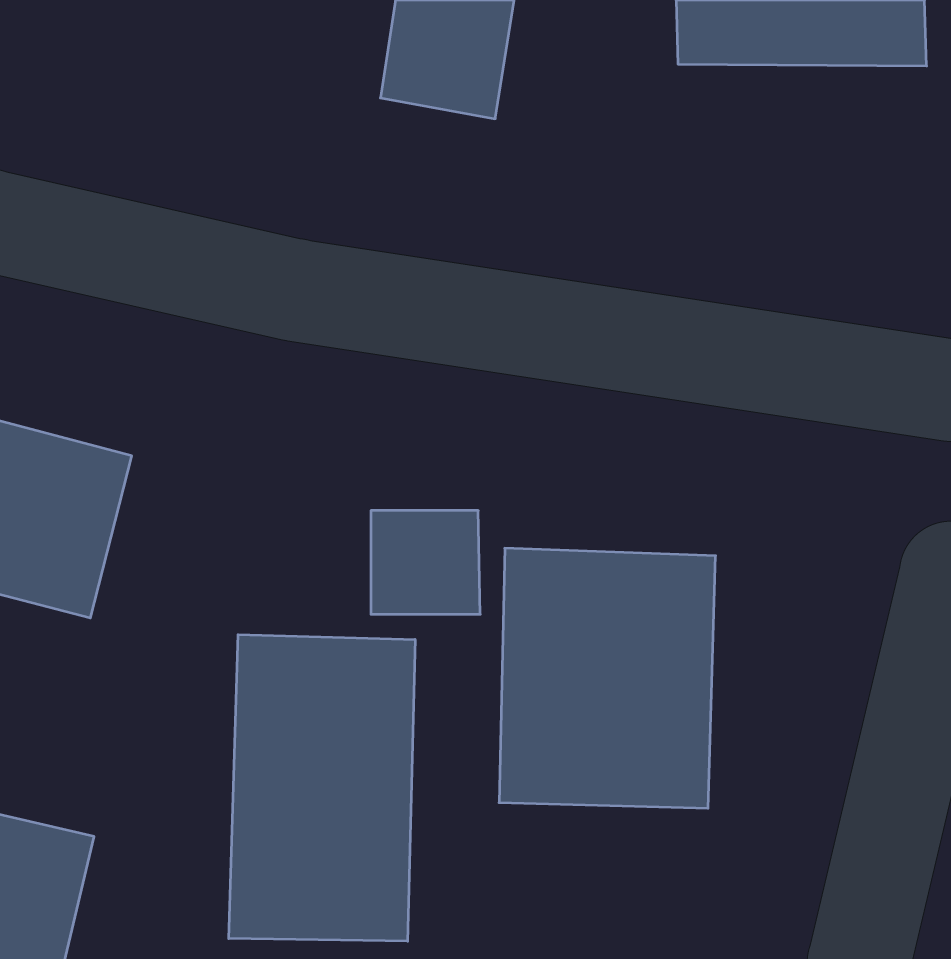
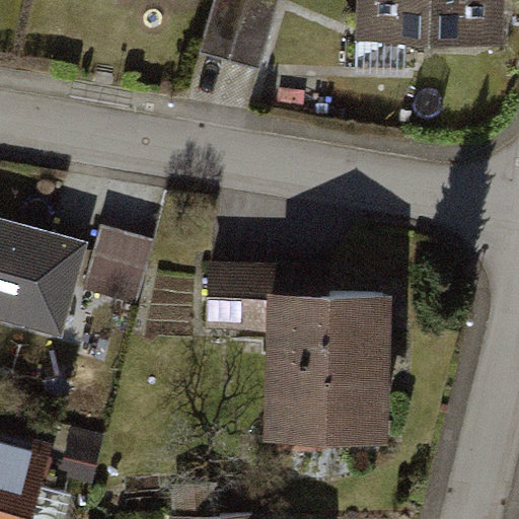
building: none -> [85,224,155,301]
building: [229,635,415,941] -> none

